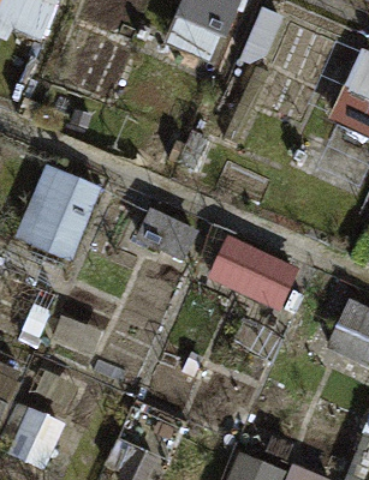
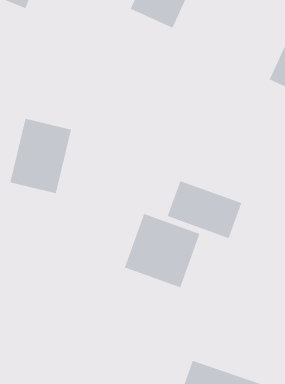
building: none -> [124,213,200,288]

